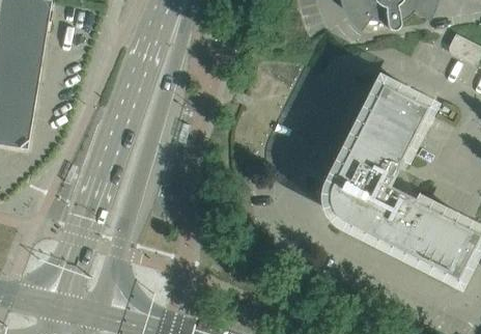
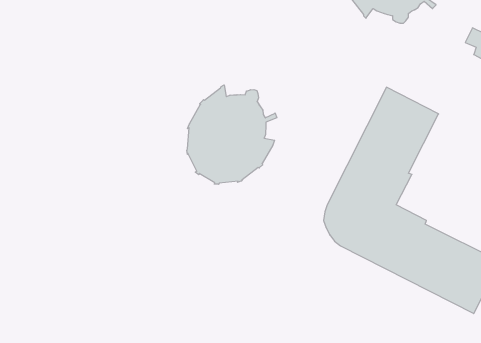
building: none -> [187,85,277,184]

